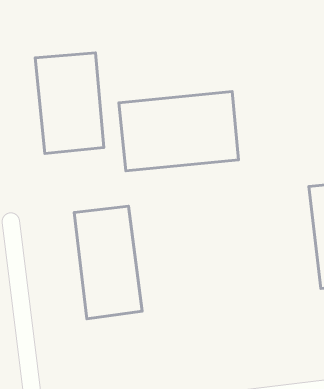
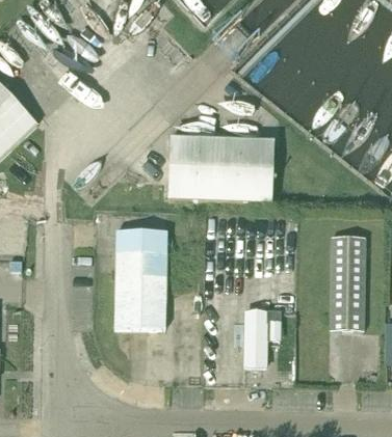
building: [35,53,104,153] -> none
building: none -> [244,309,280,364]

